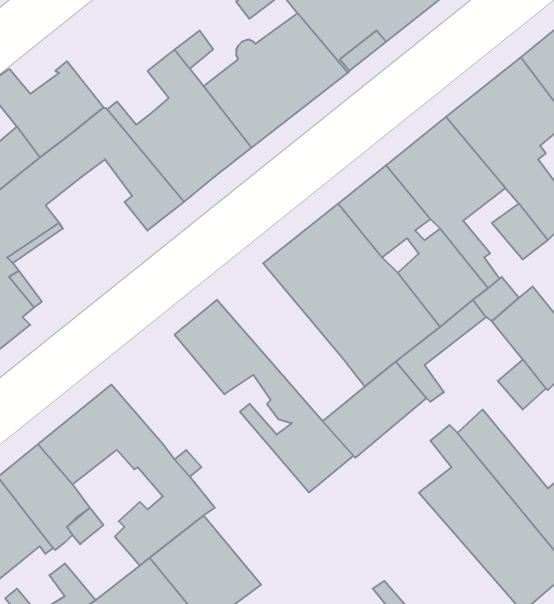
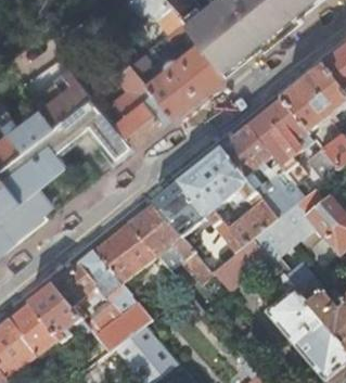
building: none -> [152,184,223,247]
building: none -> [92,225,159,286]

